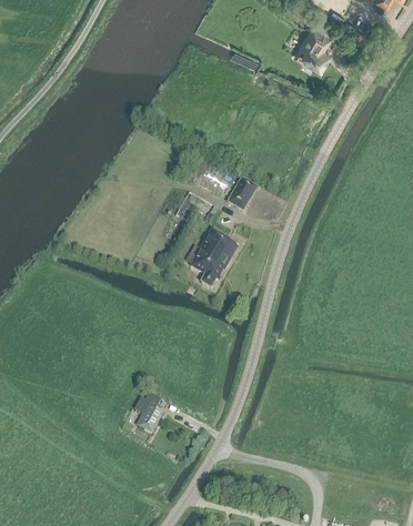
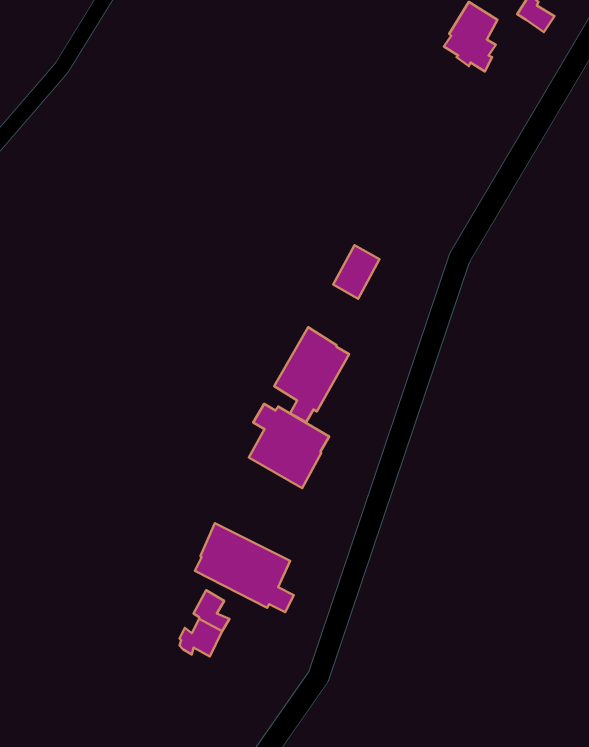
building: none -> [249,404,329,488]
building: none -> [195,523,294,612]

